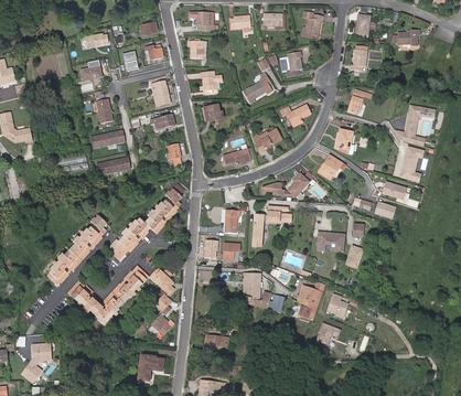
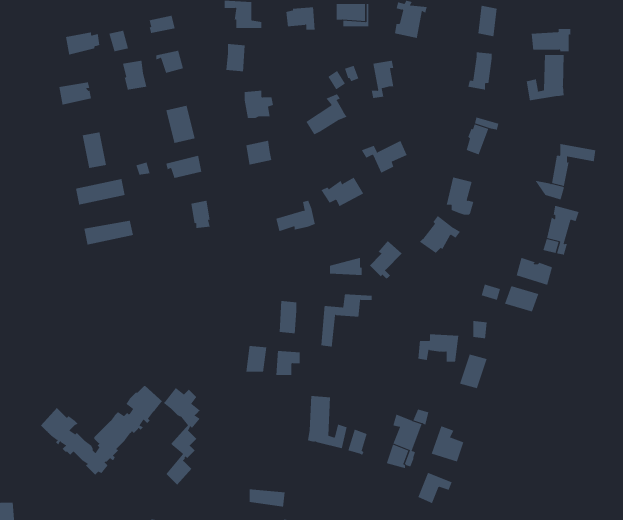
building: none -> [526,54,564,101]
building: [107,189,181,259] -> none
building: [46,215,106,285] -> none

